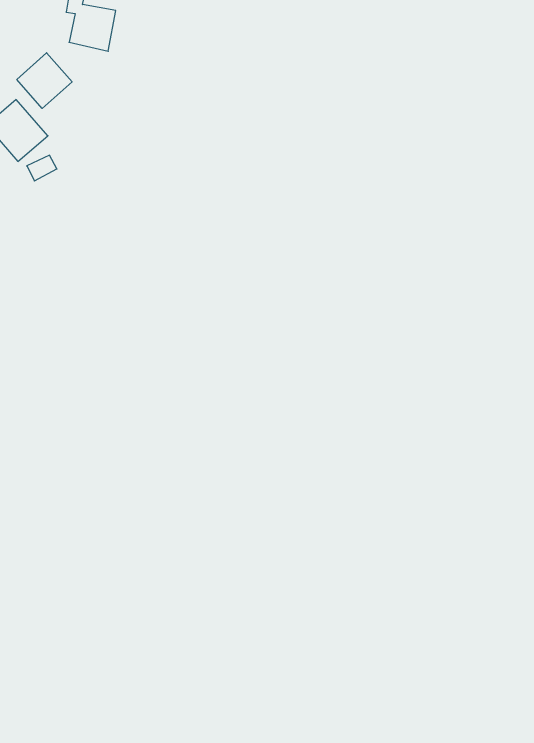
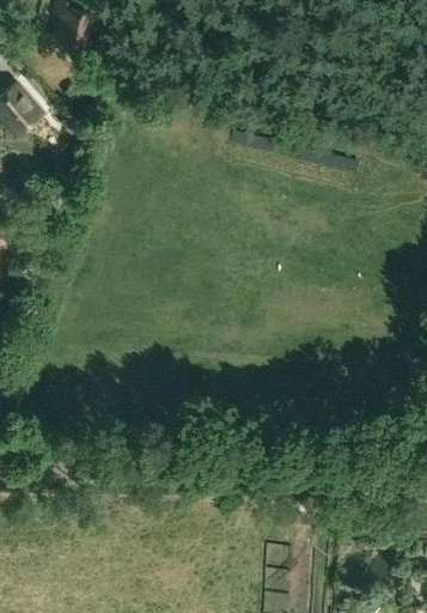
building: [17,53,72,108] -> none

